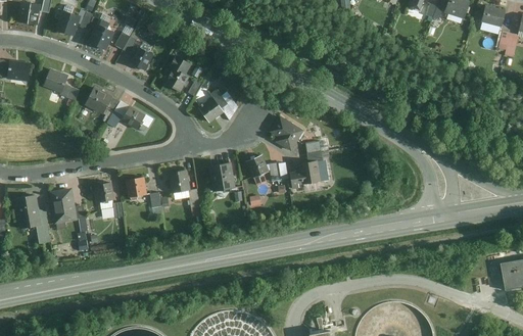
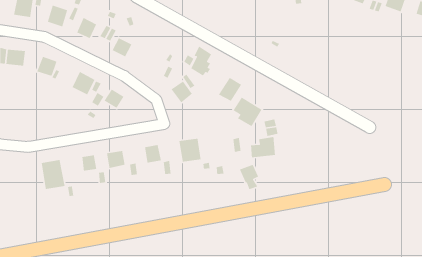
building: [165,54,191,90] -> [190,45,212,76]
building: none -> [218,77,242,102]
building: [246,154,270,185] -> [239,164,259,190]
building: [16,194,50,243] -> none

